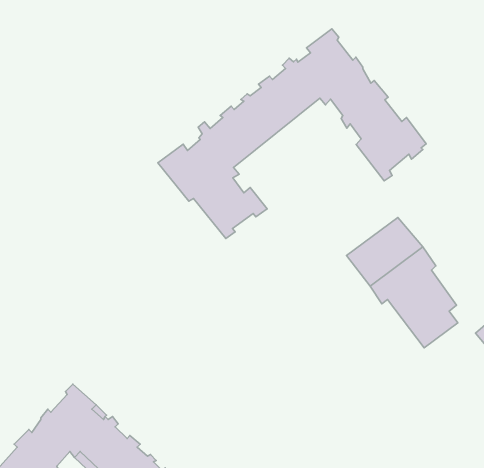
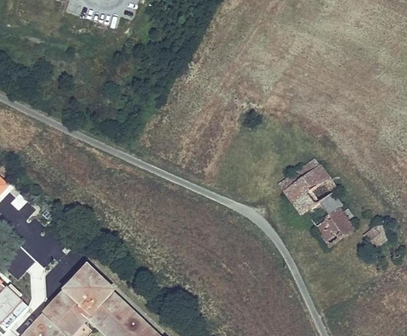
building: [158,29,426,238] -> none

